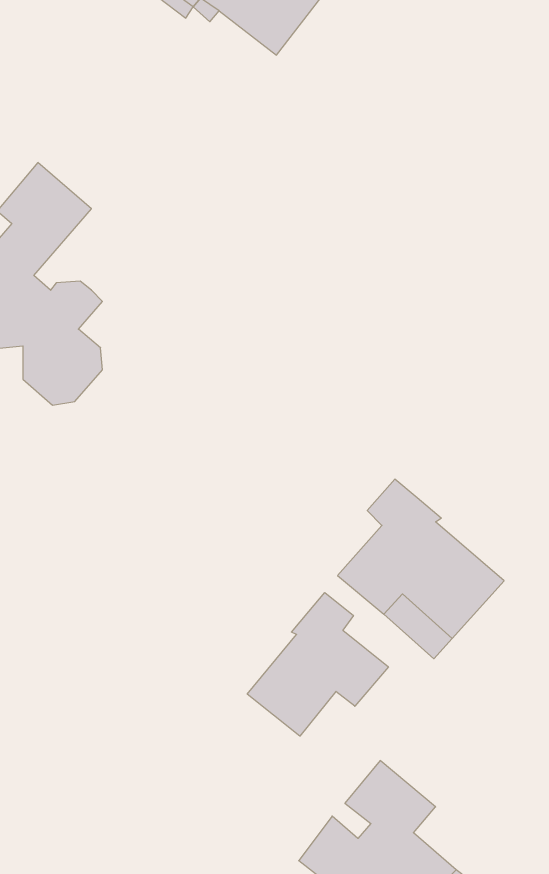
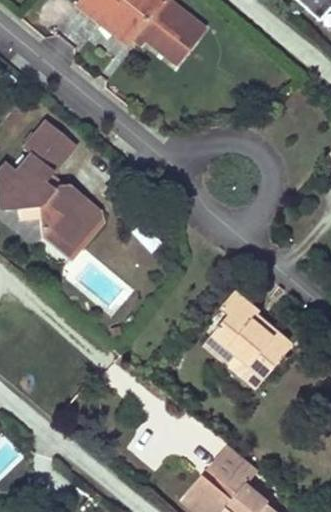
building: none -> [53,194,100,261]
building: [247,593,388,736] -> none

